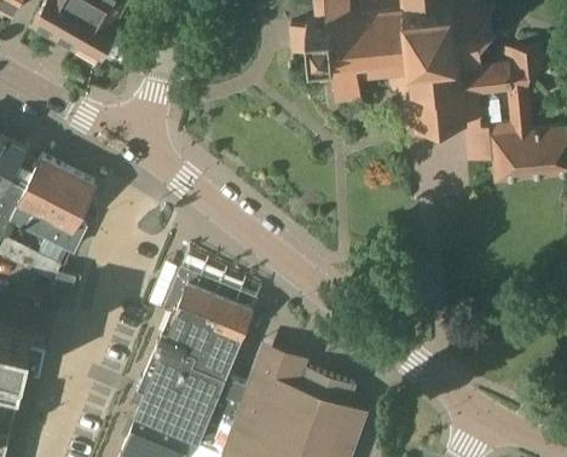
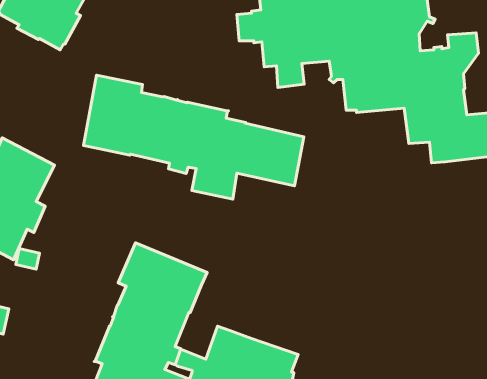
building: none -> [83,75,304,199]

